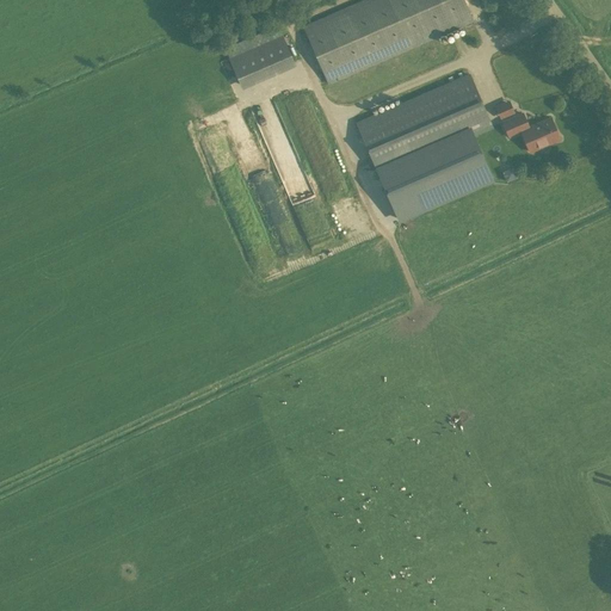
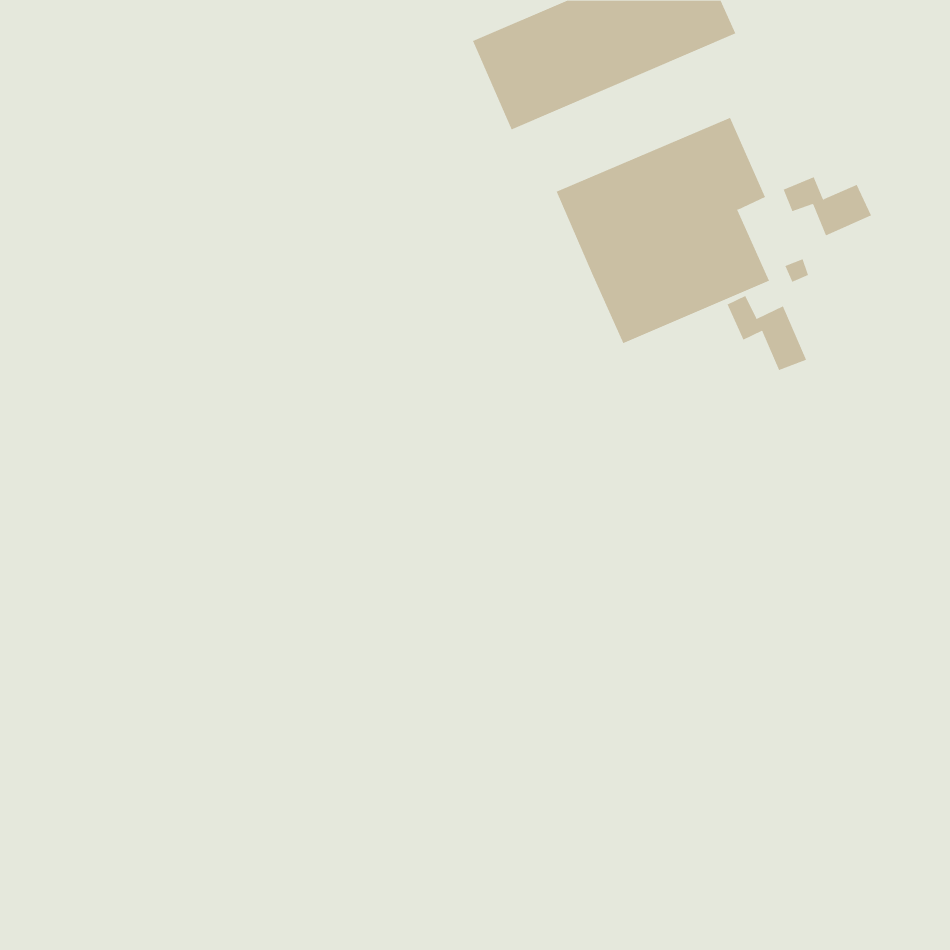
building: [229,36,294,85] -> none
building: none -> [727,295,807,371]

